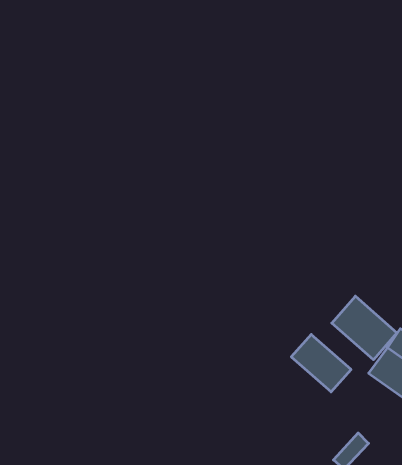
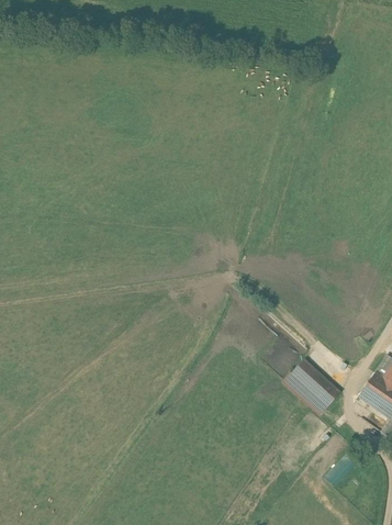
building: [332,296,397,360] -> none

